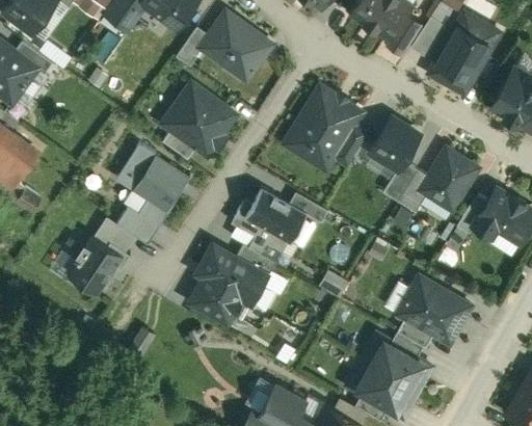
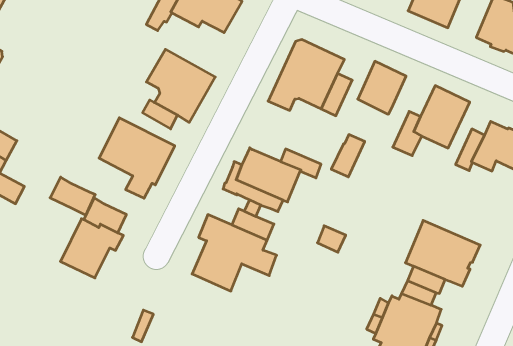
building: [383,161,419,202] -> [331,135,365,177]
building: [116,205,160,244] -> [50,177,95,215]

